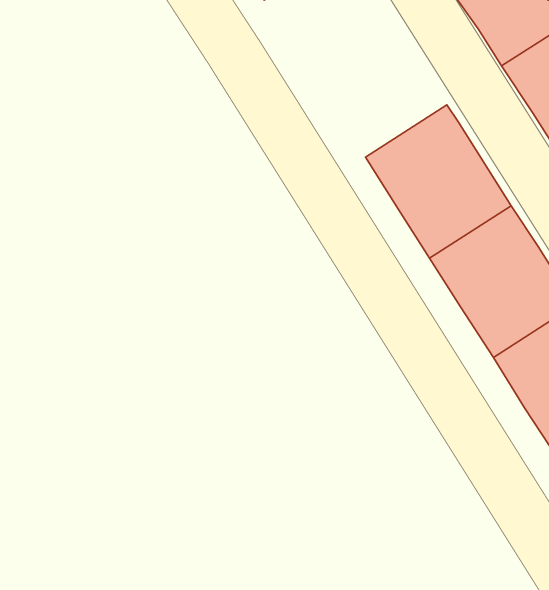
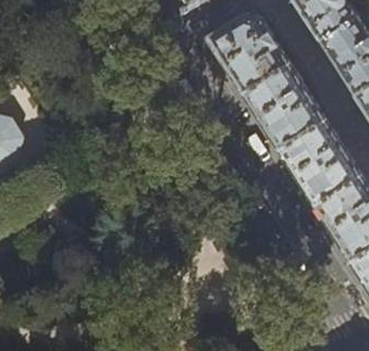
building: none -> [206,12,287,92]

